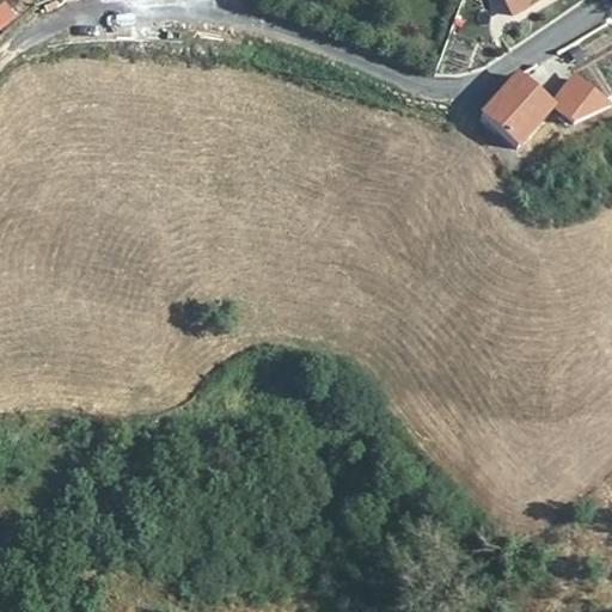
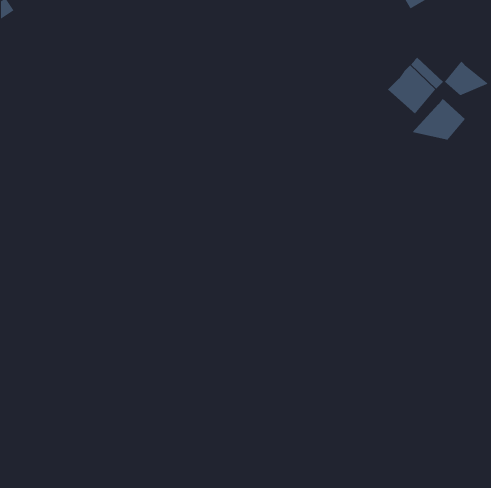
building: none -> [411,98,466,141]

